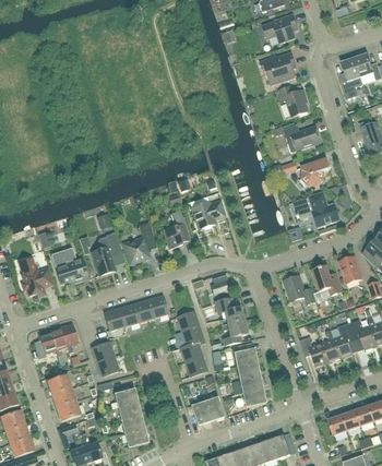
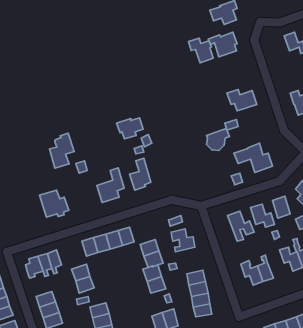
building: [338,57,362,98] -> none
building: [277,85,308,116] -> [189,38,213,63]
building: [301,157,330,184] -> [207,129,230,151]
building: [191,201,224,227] -> [117,118,143,139]
building: [92,230,122,274] -> [50,133,74,168]
building: [21,266,53,296] -> none
building: [207,319,247,344] -> none
building: [333,322,354,357] -> none

